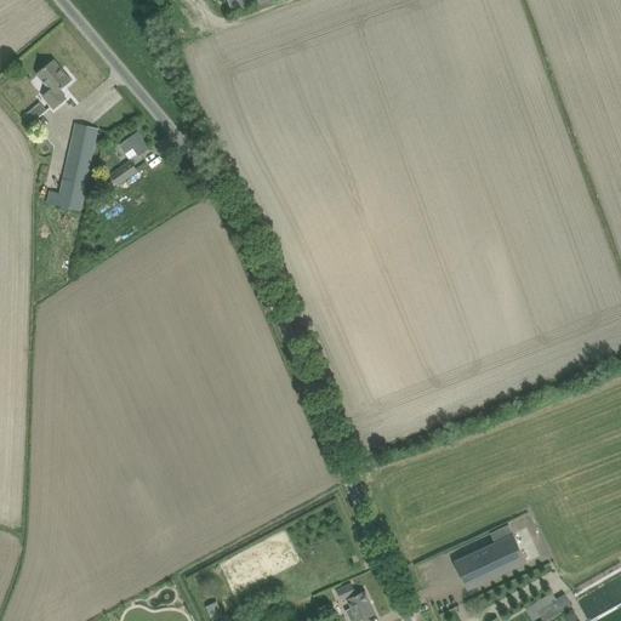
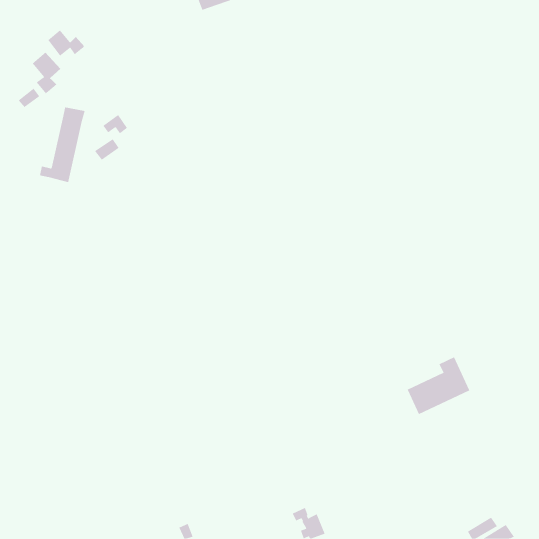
building: none -> [48,29,85,56]
building: [452,523,525,589] -> [407,357,470,415]

